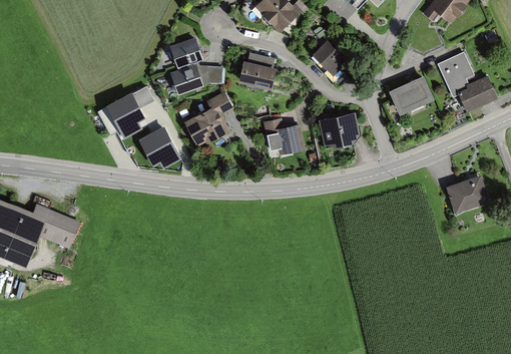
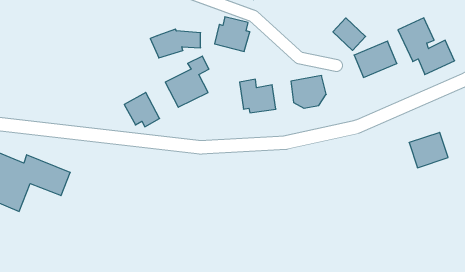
building: [168,38,203,70] -> none
building: [312,40,347,75] -> [333,18,366,50]
building: [107,87,153,138] -> none

